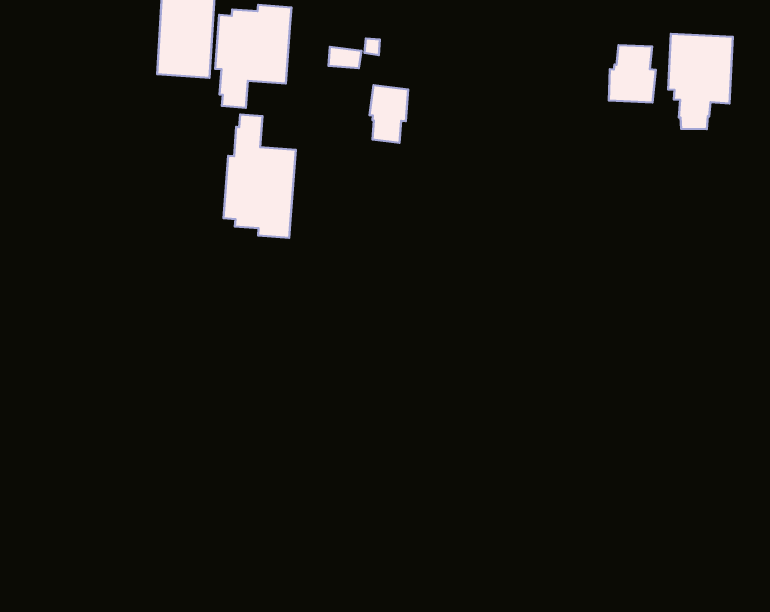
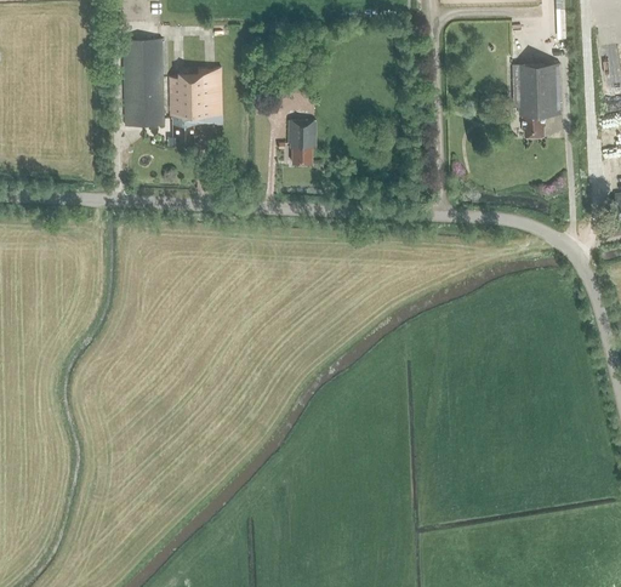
building: [609,45,656,103] -> none
building: [224,114,296,238] -> none

